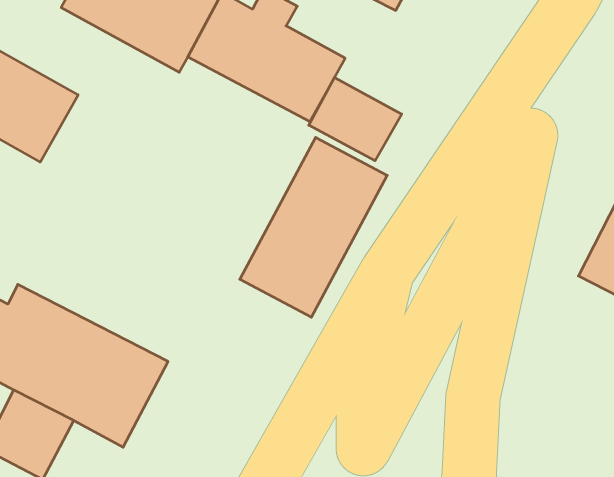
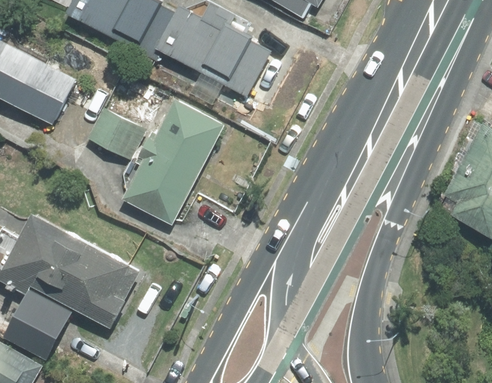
building: [309,77,402,161] -> none
building: none -> [85,103,148,159]
building: [240,137,387,317] -> [118,97,223,225]

